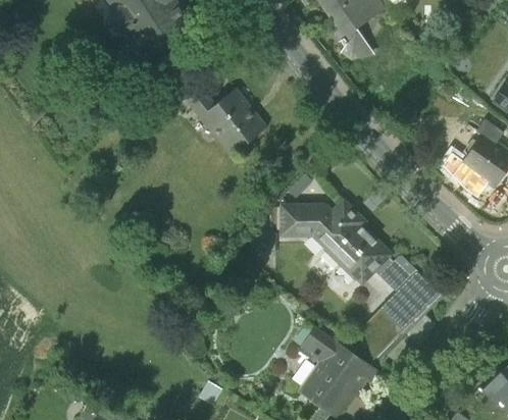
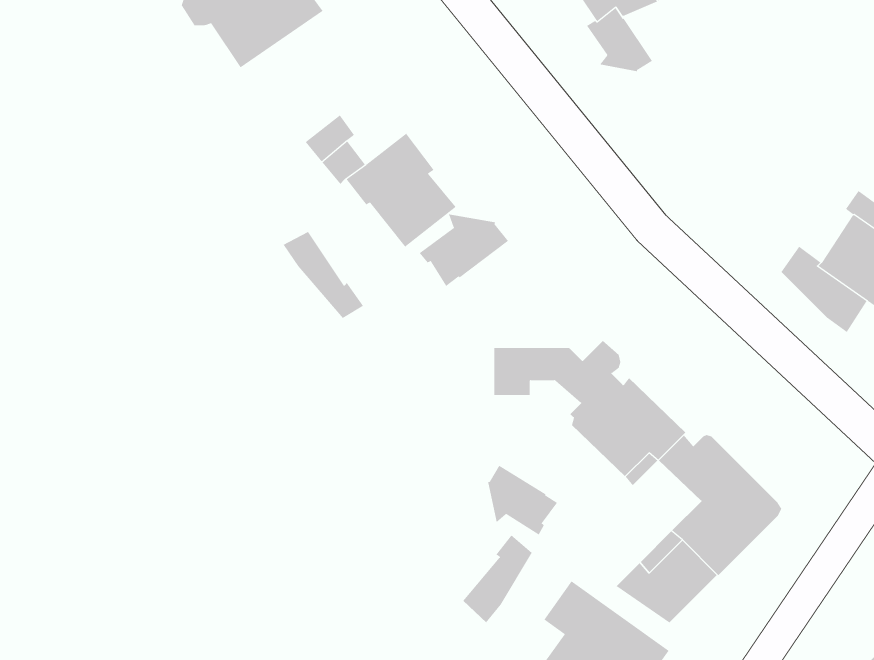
building: none -> [419,214,509,287]
building: none -> [283,231,364,319]
building: none -> [487,465,558,535]
building: none -> [462,535,533,623]

